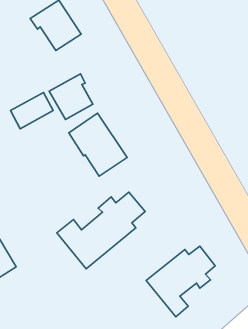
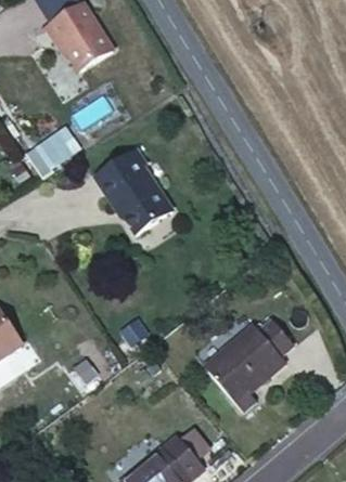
building: [49,74,93,119] -> none
building: [57,192,145,269] -> none

